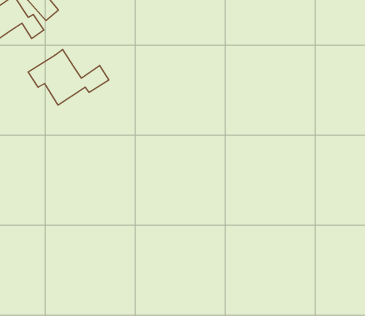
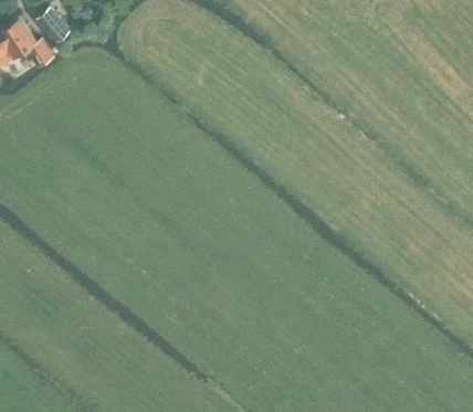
building: [28,49,109,105] -> none

